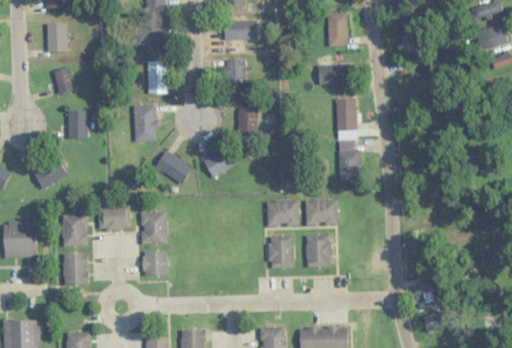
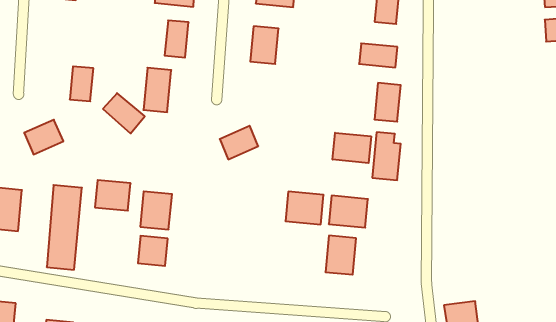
building: [53,66,76,94] -> none
building: [238,102,256,134] -> none
building: none -> [333,133,371,163]
building: [155,150,192,184] -> [103,93,145,133]
building: [268,236,292,269] -> none

